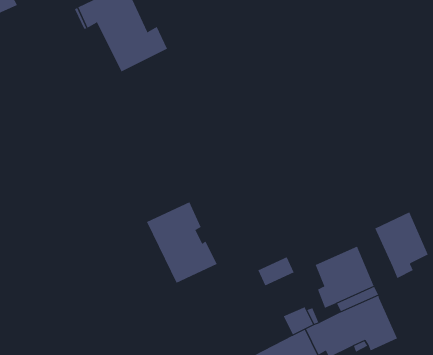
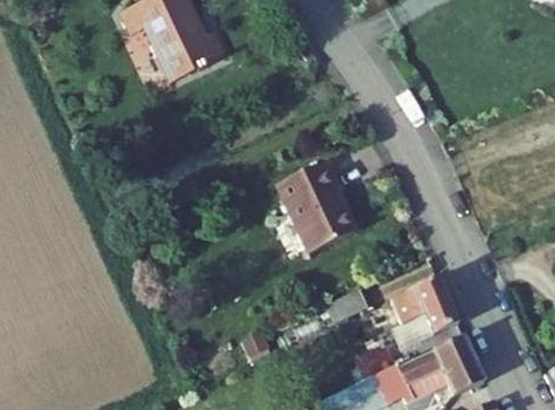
building: [146,201,218,283] -> [276,159,356,251]
building: [375,211,429,279] -> none

